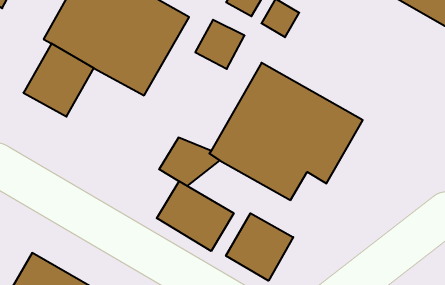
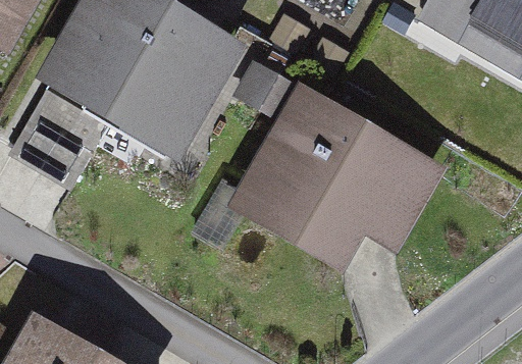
building: [157,181,234,251] -> none
building: [226,213,293,281] -> none

